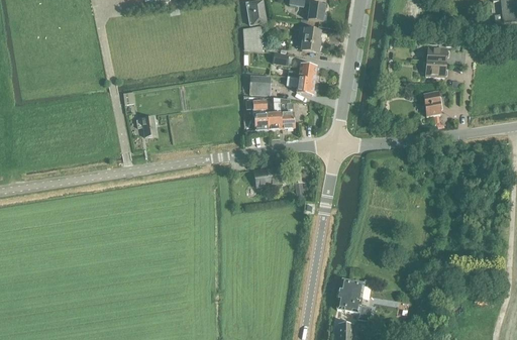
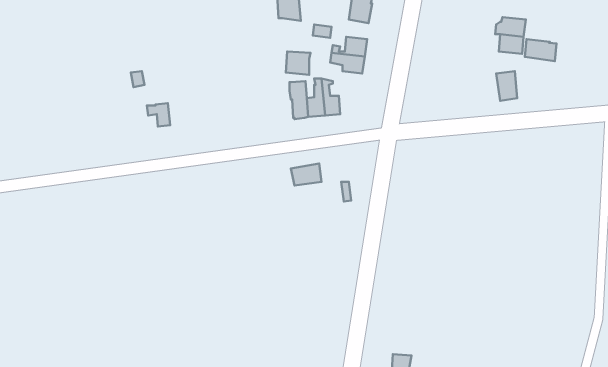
building: none -> [525,39,557,61]
building: [337,280,371,321] -> none

